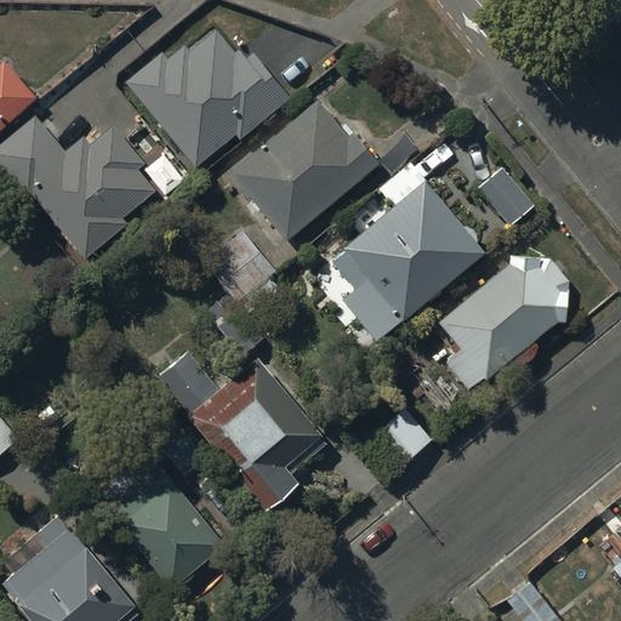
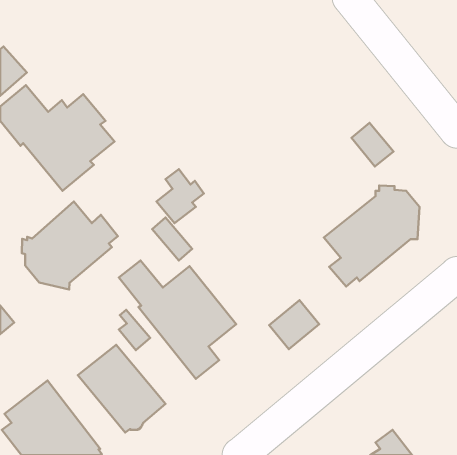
building: [126,28,292,169] -> none
building: [232,102,378,243] -> none
building: [331,160,486,342] -> none
building: none -> [22,201,118,290]

